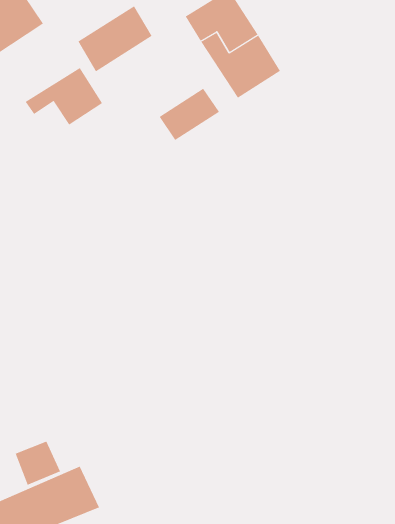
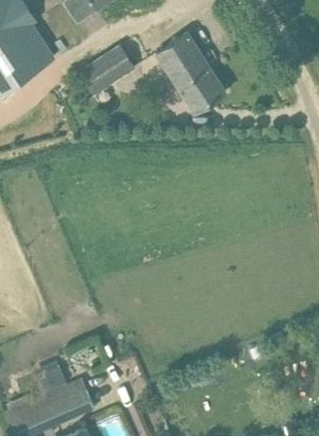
building: [25,67,103,126] -> none
building: [159,88,220,141] -> none

